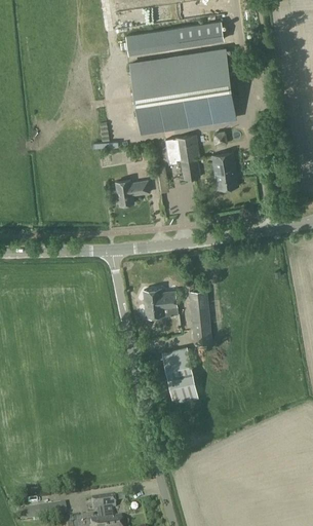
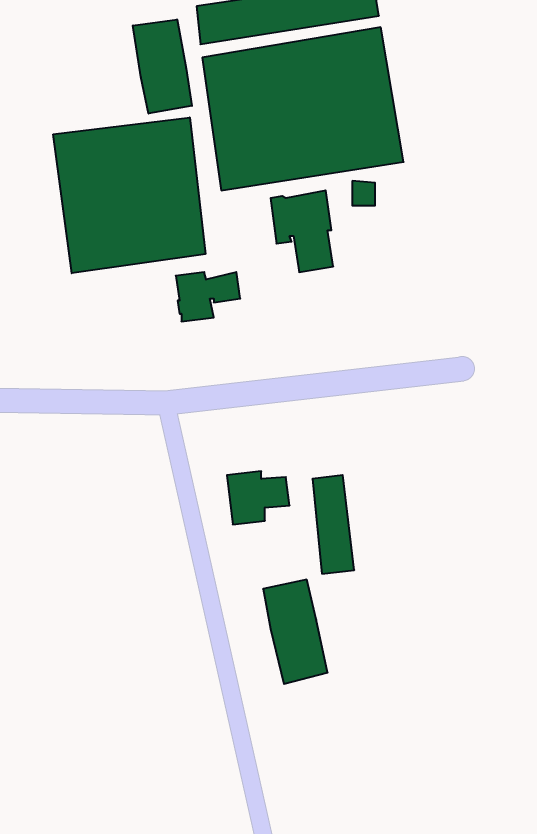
building: none -> [133,19,192,114]
building: none -> [53,117,205,273]
building: [210,153,237,190] -> none

